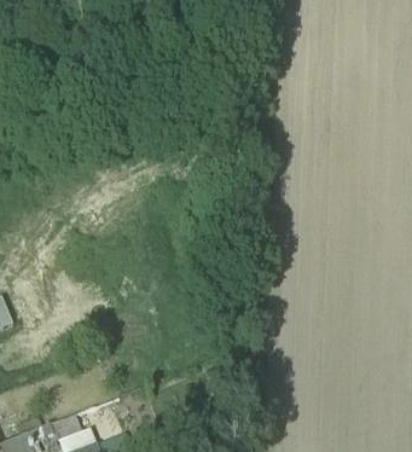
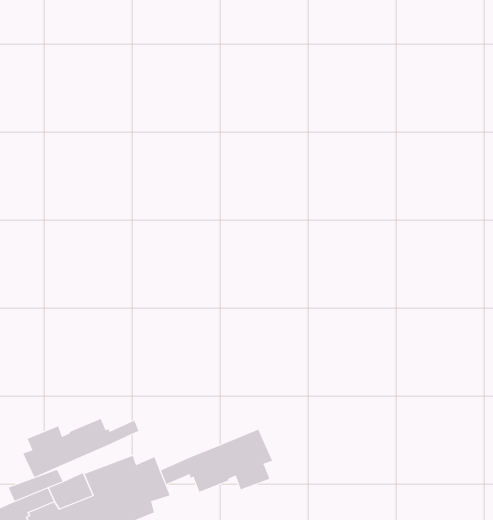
building: none -> [23,418,139,478]
building: none -> [160,429,273,492]

